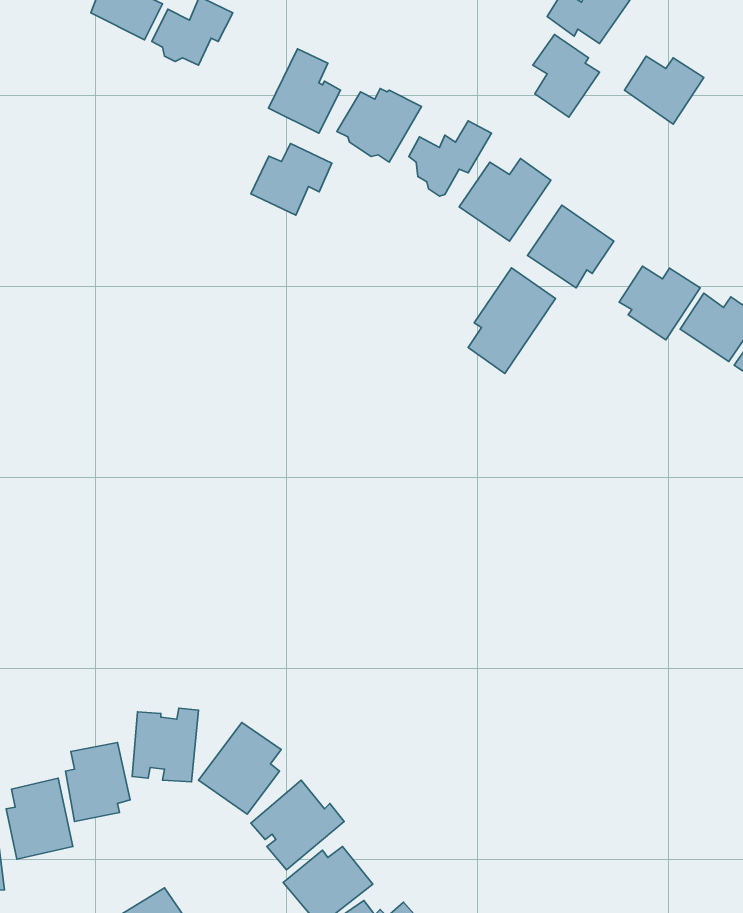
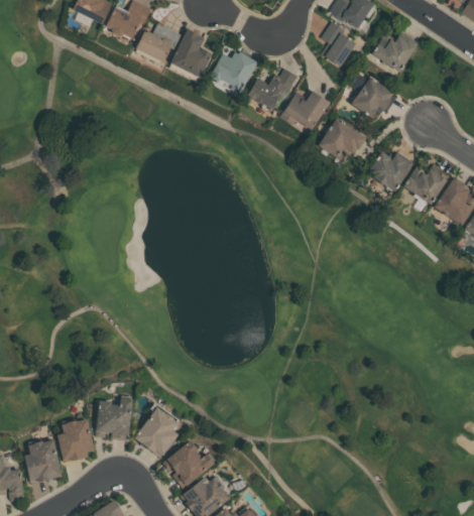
building: none -> [354,77,397,118]
building: [251,143,332,215] -> [136,22,182,62]
building: [468,268,556,373] -> none

